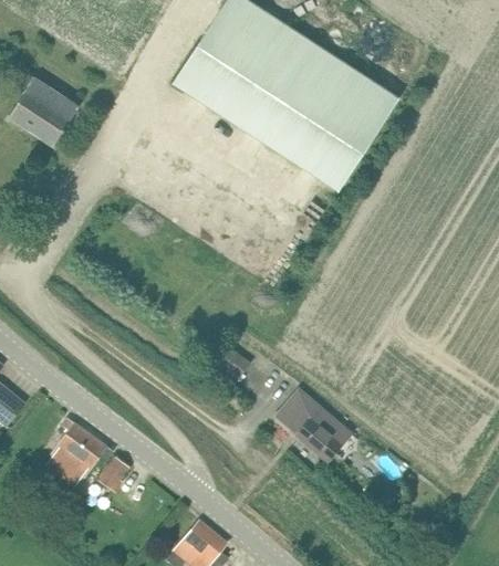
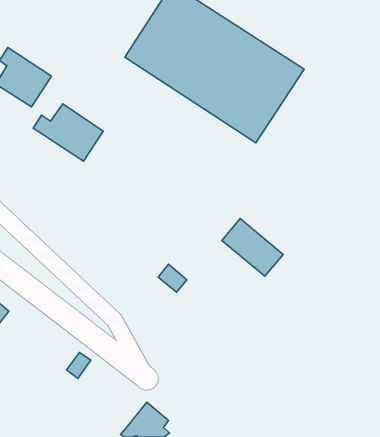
building: none -> [33,104,103,161]
building: [276,389,353,462] -> [222,219,283,276]
building: [51,418,114,479] -> none

